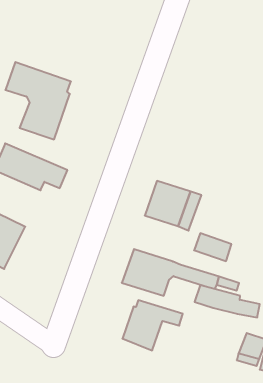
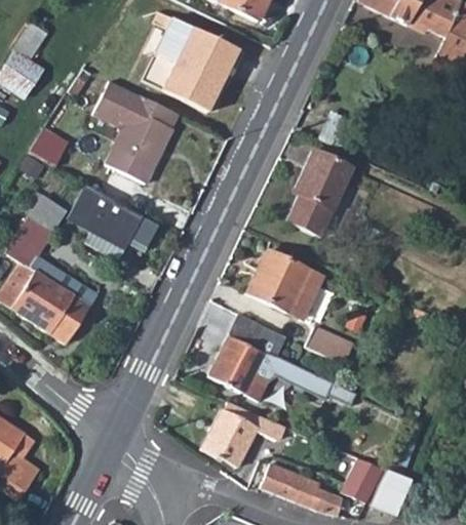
building: none -> [140,17,236,111]
building: none -> [289,151,354,237]
building: none -> [232,315,289,357]
building: [195,285,260,317] -> [264,466,346,515]

